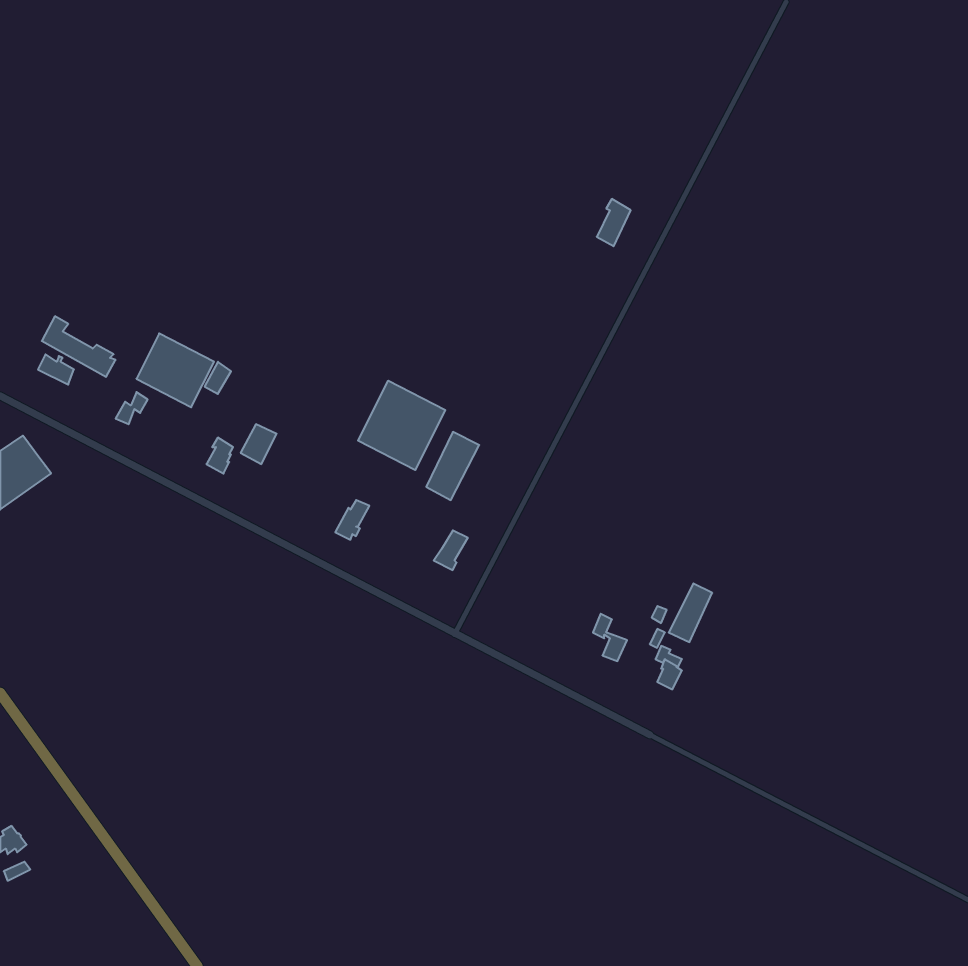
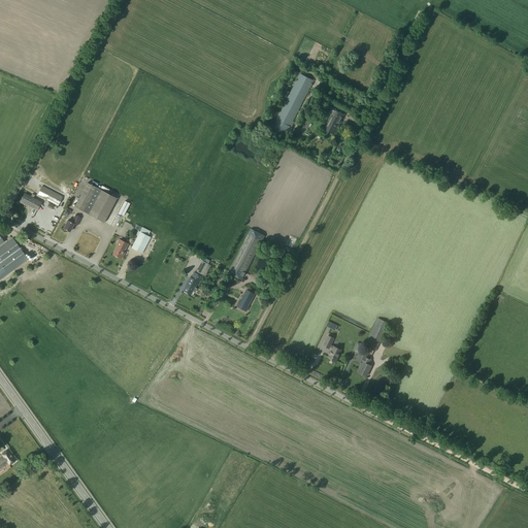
building: none -> [270,72,314,136]
building: [358,381,445,470] -> none

